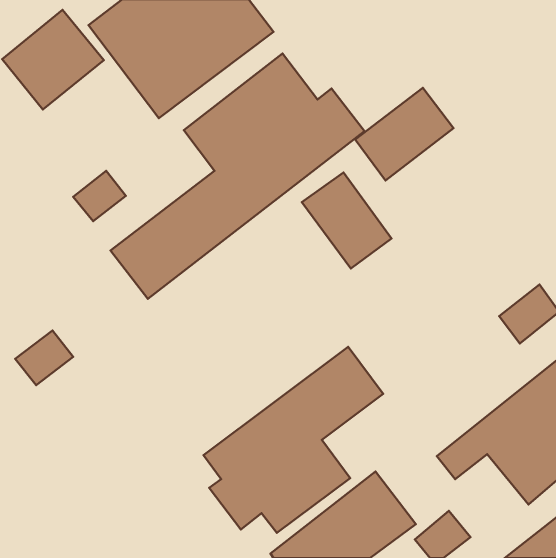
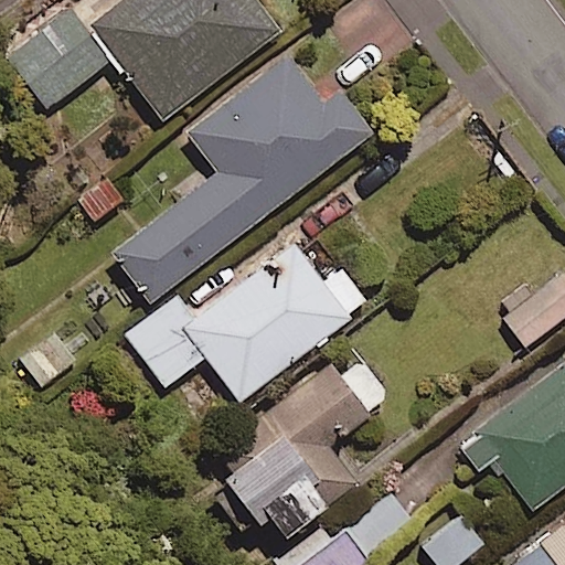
building: [355,88,454,181] -> none
building: [302,173,391,268] -> none
building: none -> [128,245,369,401]

